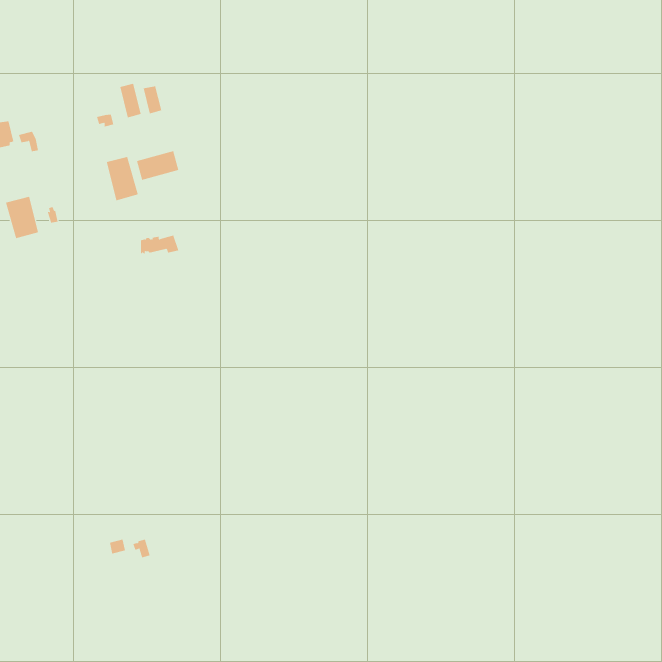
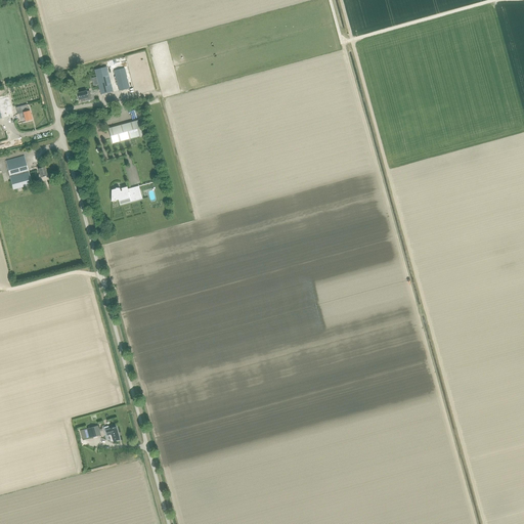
building: [106,156,139,201] -> none

